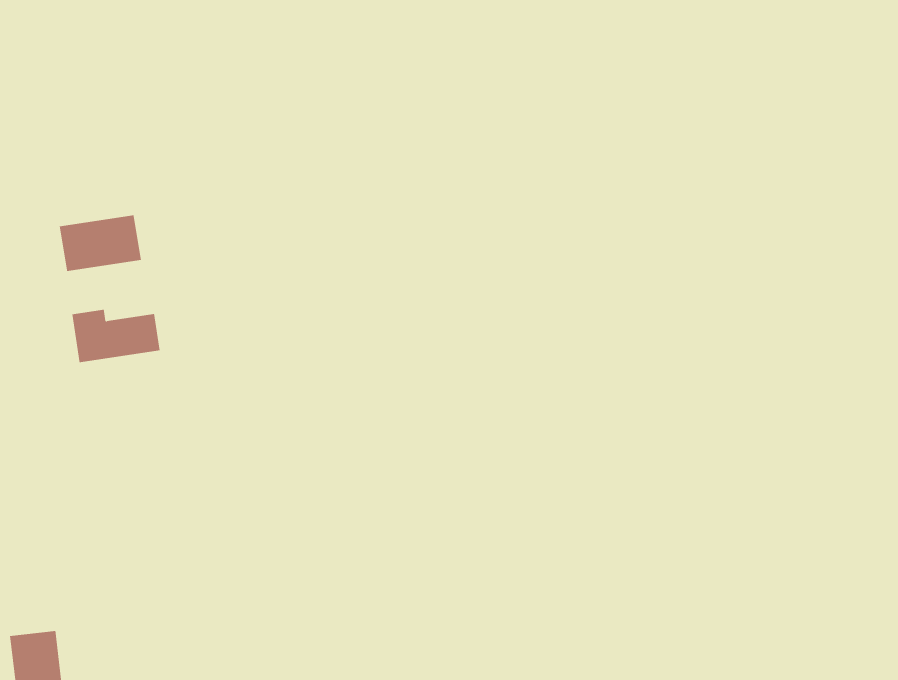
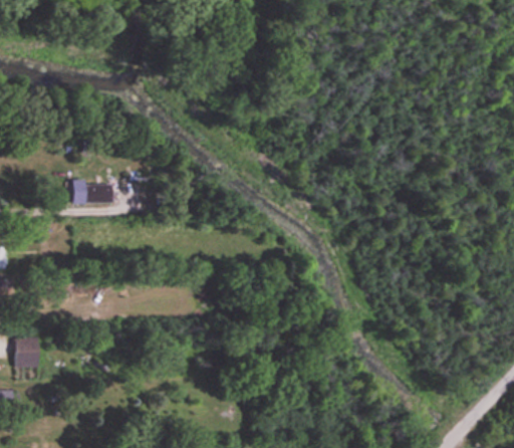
building: [59,215,141,272] -> none

